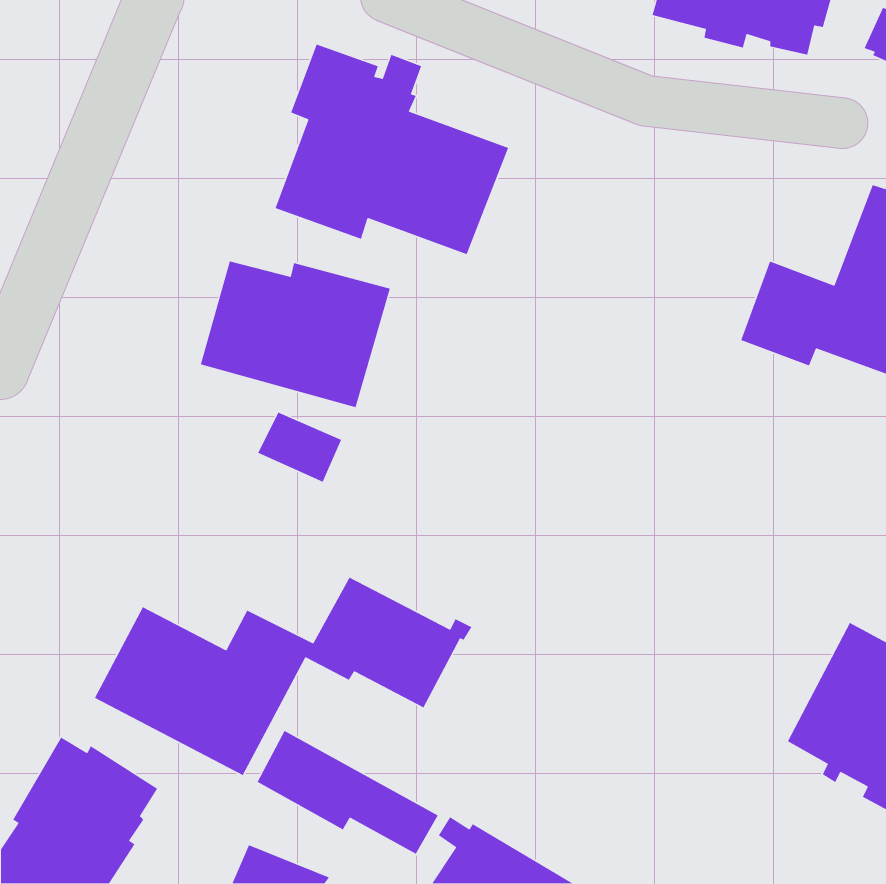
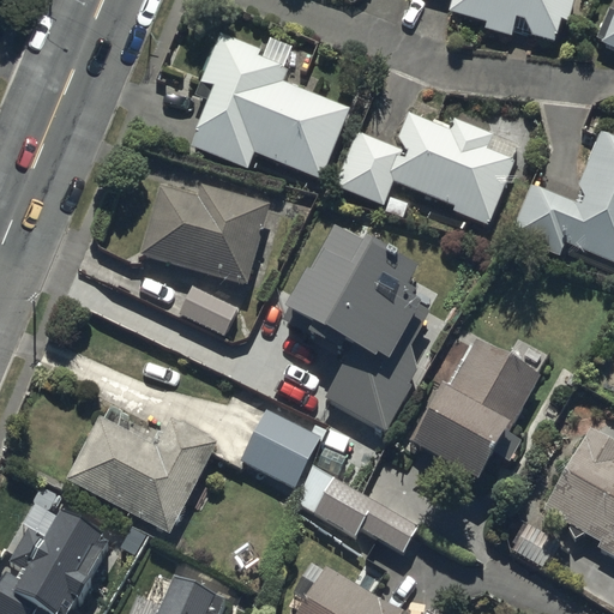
building: none -> [336,109,519,223]
building: none -> [285,223,429,433]
building: none -> [407,342,537,484]
building: [256,730,439,855] -> [294,469,420,555]

